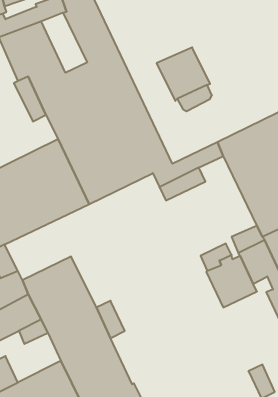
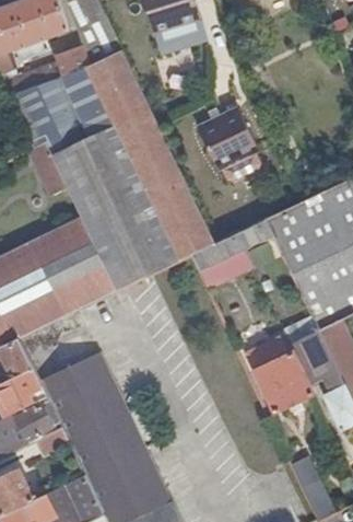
building: none -> [61,68,115,138]

